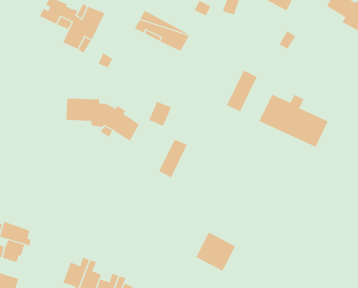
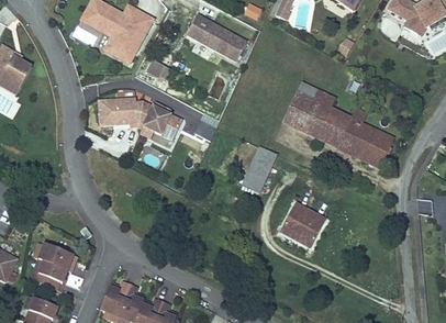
building: none -> [296,85,334,133]
building: [158,139,188,178] -> [241,145,272,188]
building: [195,232,236,271] -> [278,201,322,244]

